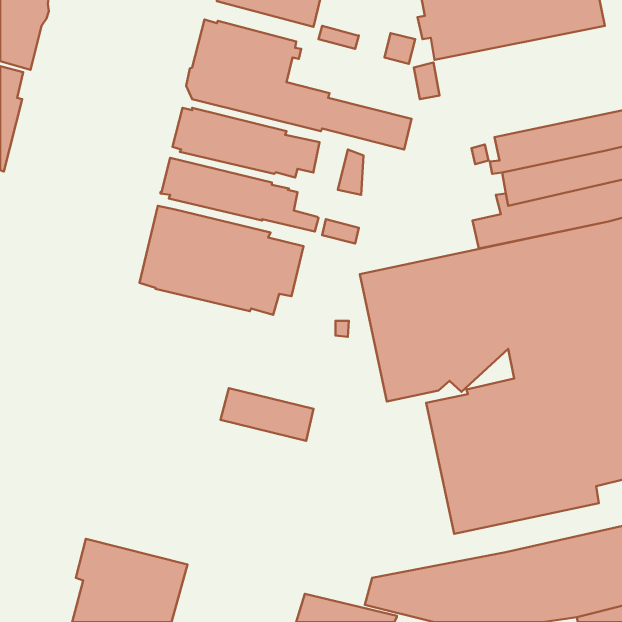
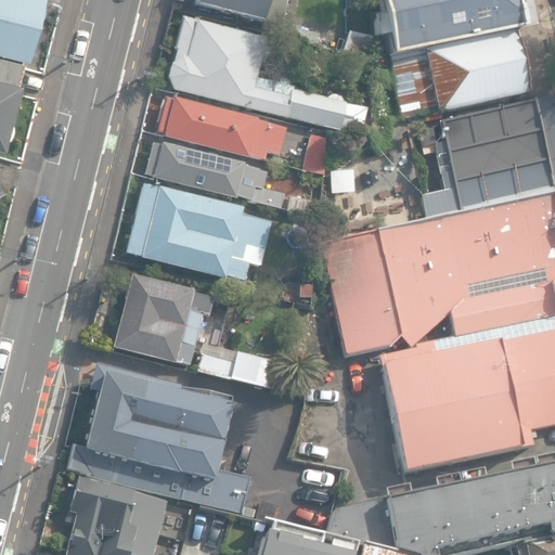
building: none -> [390,30,526,116]
building: none -> [115,274,216,364]
building: none -> [68,362,236,503]

